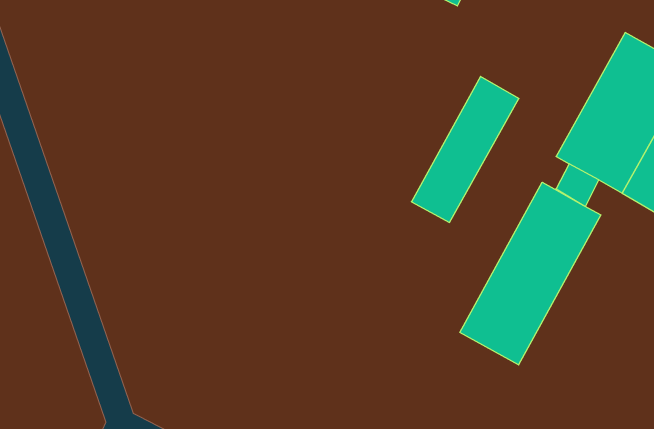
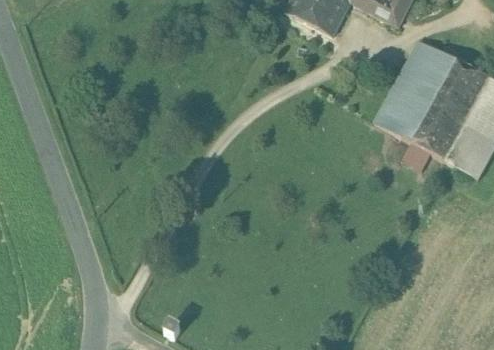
building: [411,76,519,222] -> [374,37,447,136]
building: [460,182,601,365] -> none

